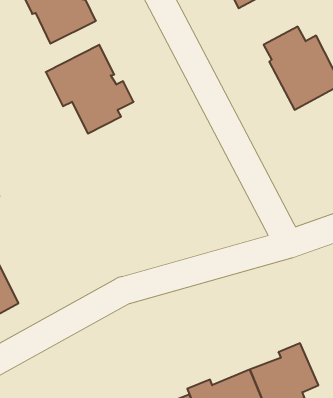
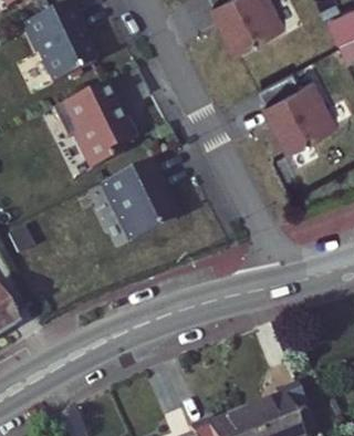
building: none -> [94,168,168,251]

